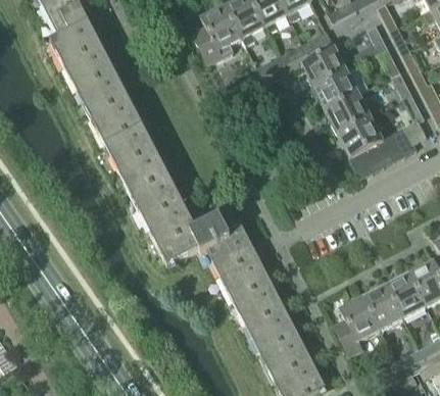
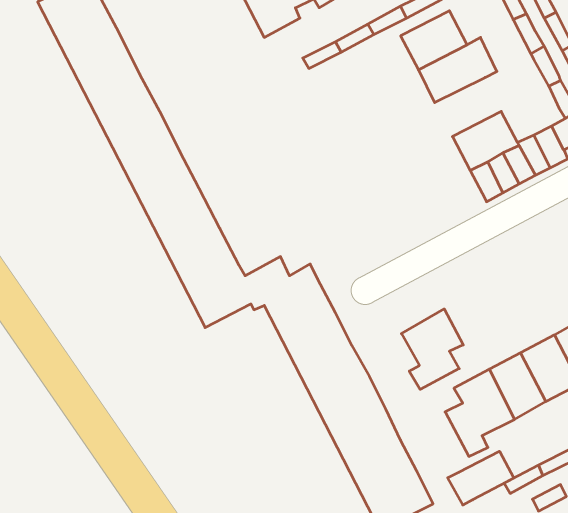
building: [326,94,372,135] -> none
building: none -> [401,309,463,389]
building: none -> [448,451,514,505]

